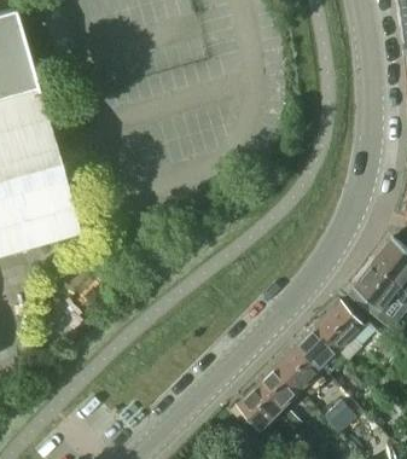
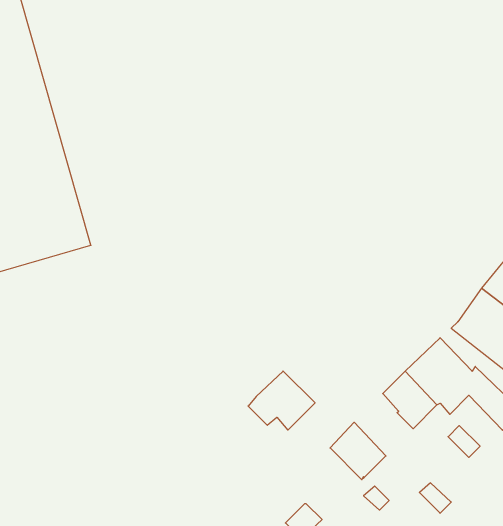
building: [275,342,320,389] -> none
building: [231,383,281,428] -> [248,371,315,430]

